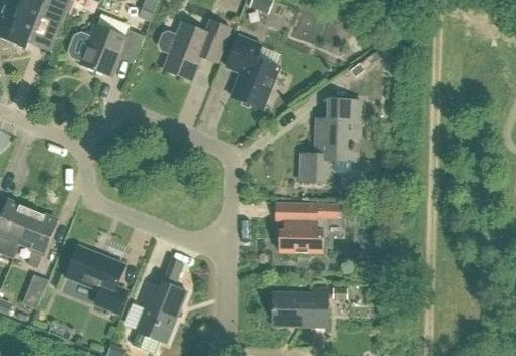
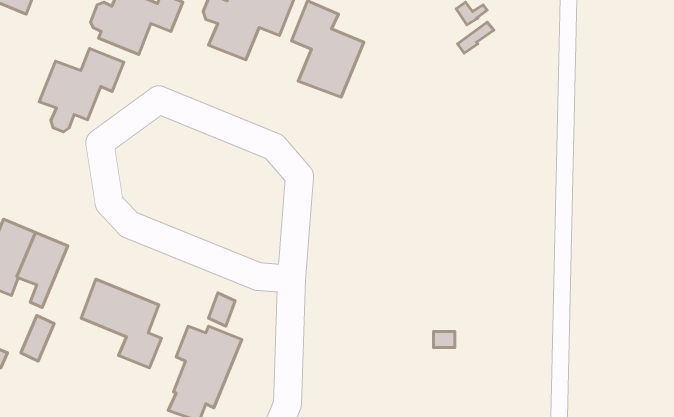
building: none -> [39,49,124,132]
building: [302,99,361,181] -> none
building: [276,203,339,253] -> none
building: [273,287,329,325] -> none

